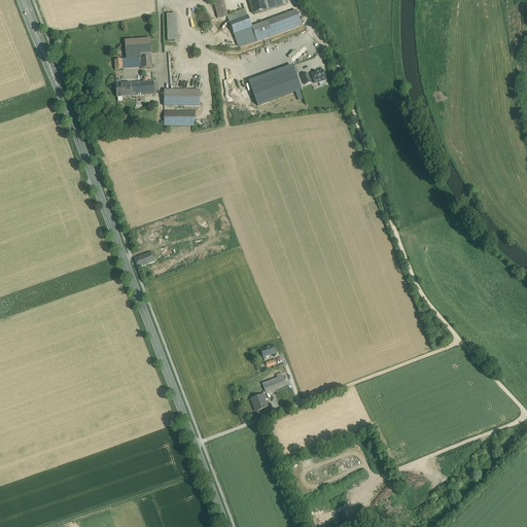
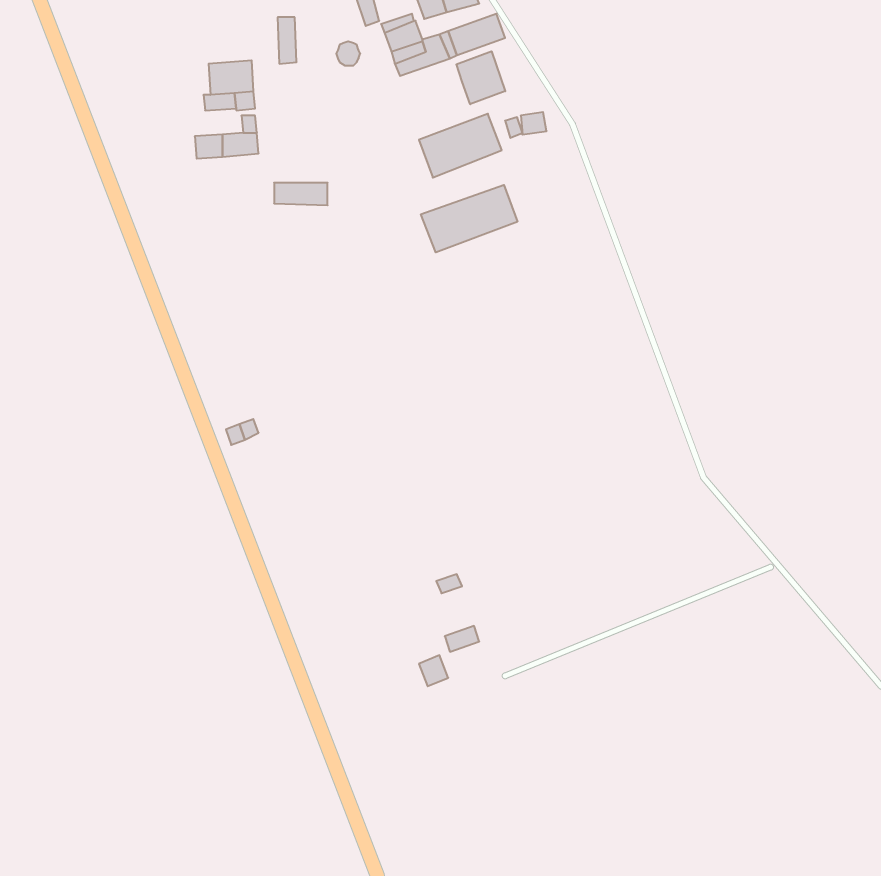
building: none -> [456,51,505,104]
building: [165,87,200,104] -> none
building: none -> [421,185,517,252]

